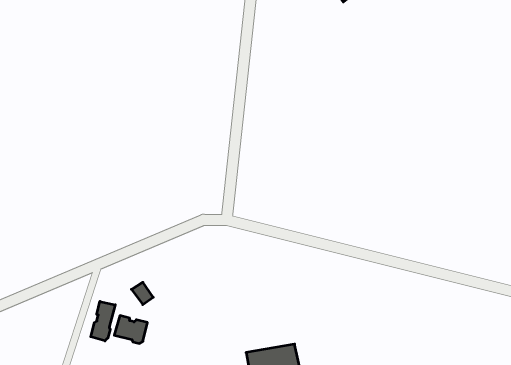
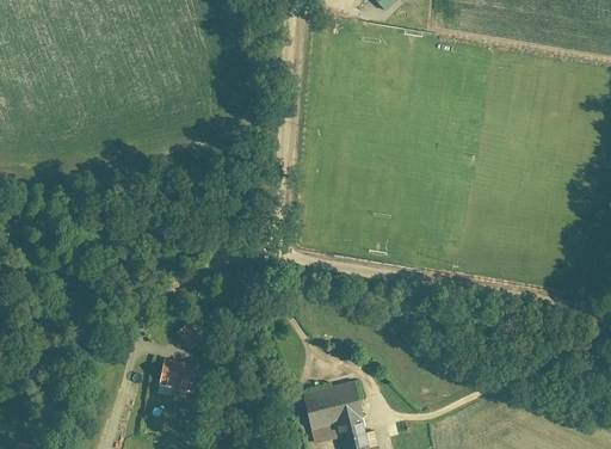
building: [91,301,115,341] -> none

